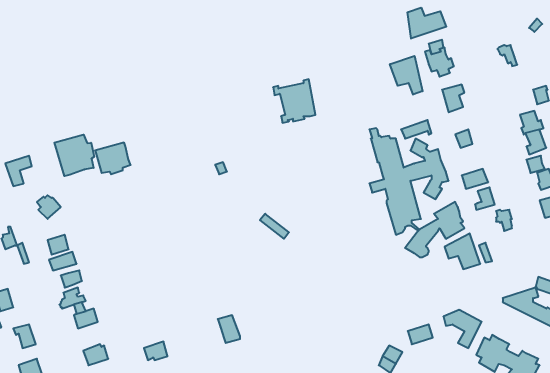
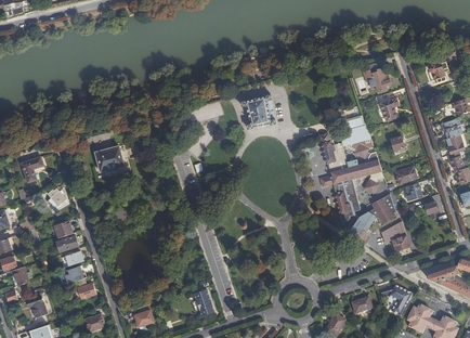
building: [407,8,446,39] -> none
building: [390,56,423,95] -> none
building: [54,135,94,176] -> none

